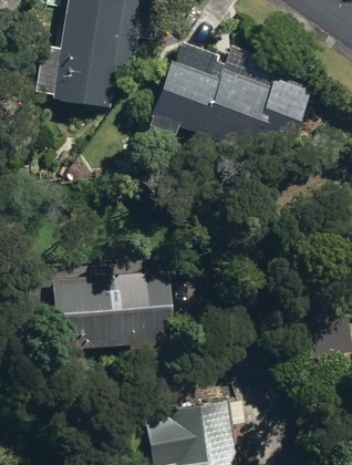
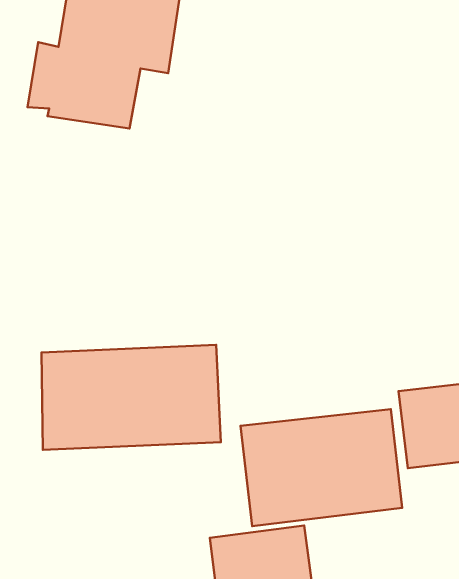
building: [144,48,312,168] -> none
building: none -> [240,409,402,526]

